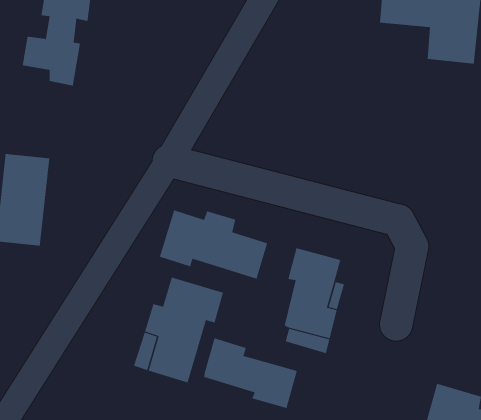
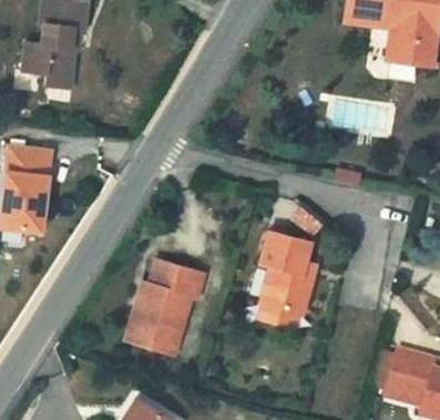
building: [159,210,268,279] -> none
building: [204,337,298,409] -> none

